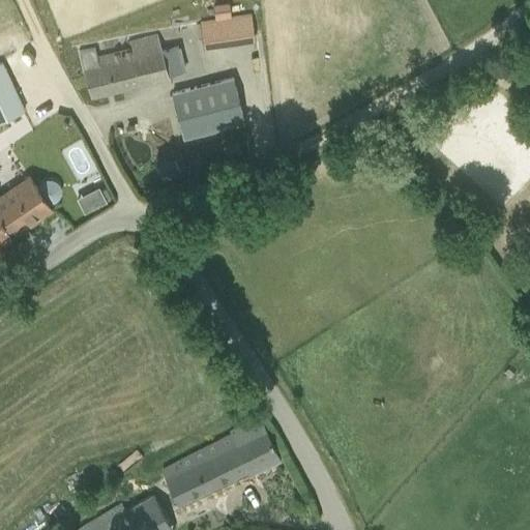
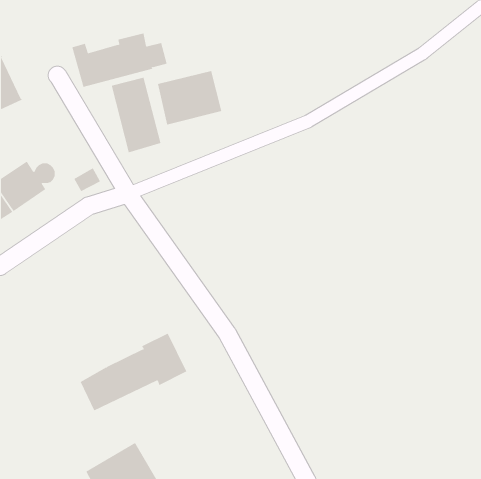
building: [200,14,255,48] -> none
building: none -> [111,77,161,153]
building: [163,419,281,505] -> [80,333,187,411]

